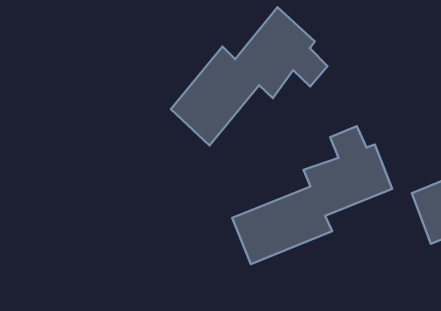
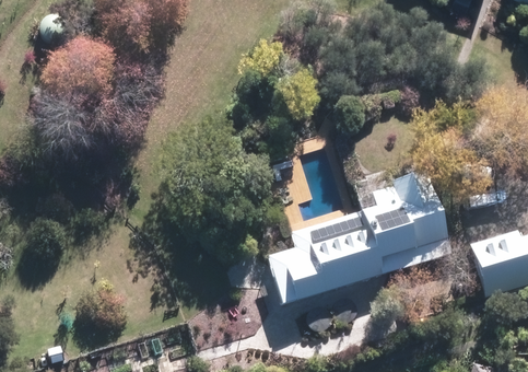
building: [171,7,328,146] -> none

